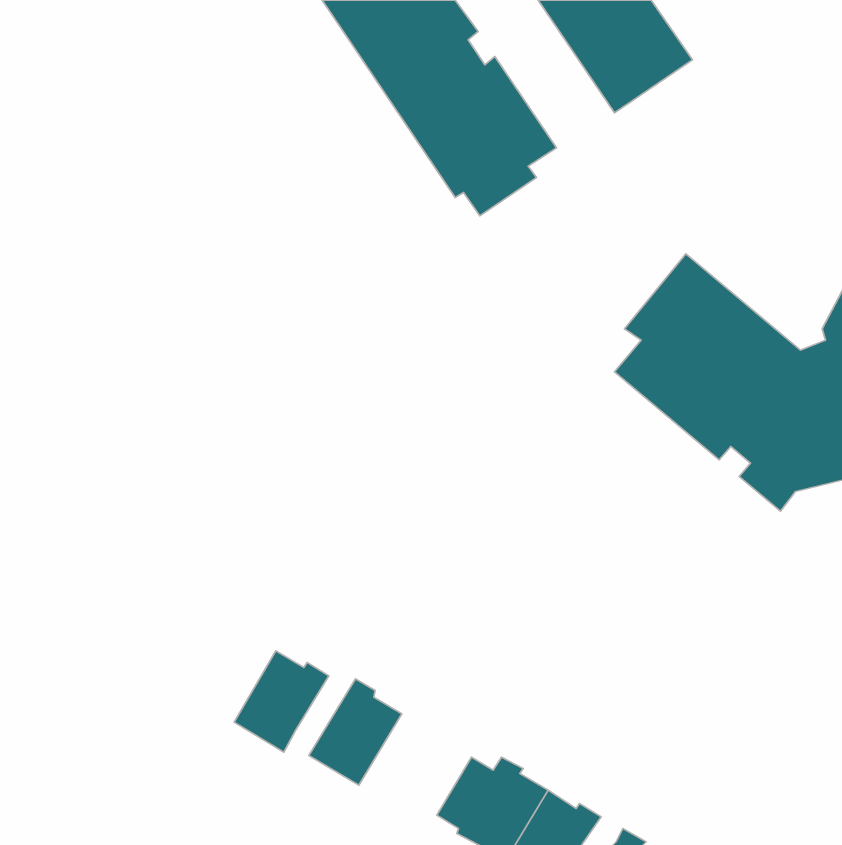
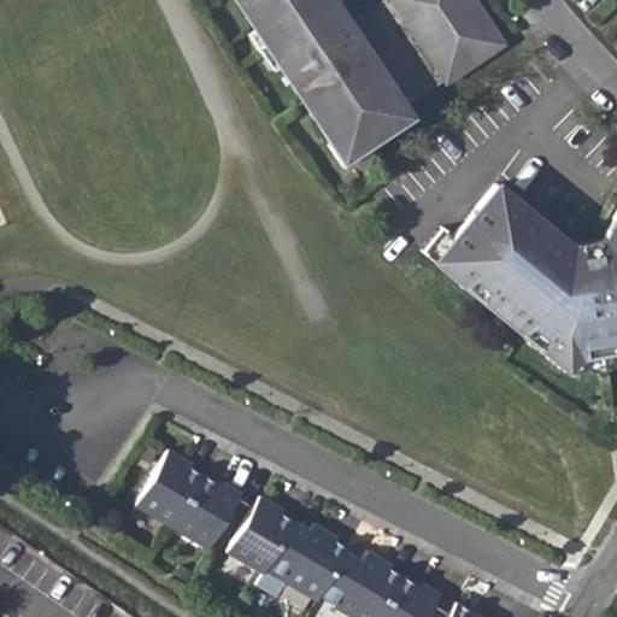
building: none -> [139,449,205,527]
building: none -> [258,521,349,600]

